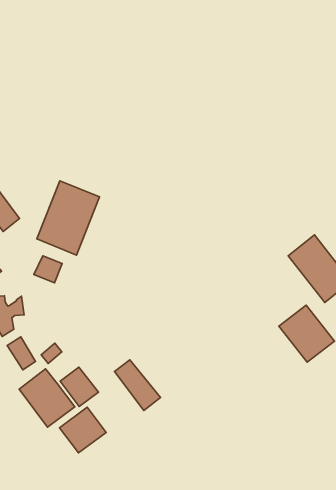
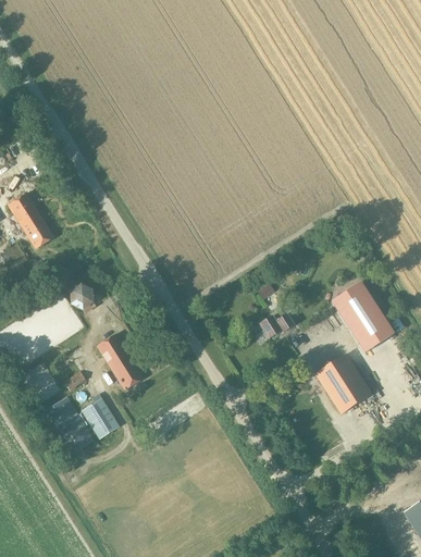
building: [37,181,100,255] -> none
building: none -> [259,314,294,338]
building: [114,360,160,411] -> [97,334,143,388]
building: [60,407,106,453] -> none

